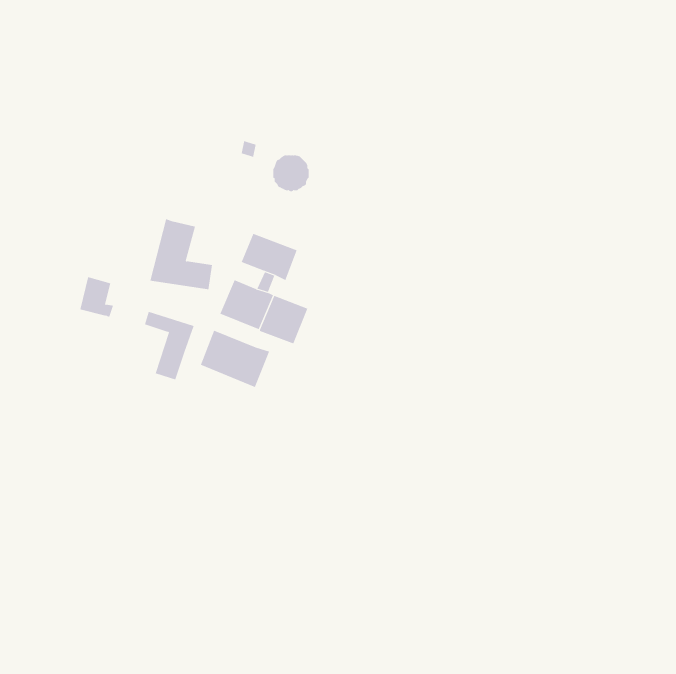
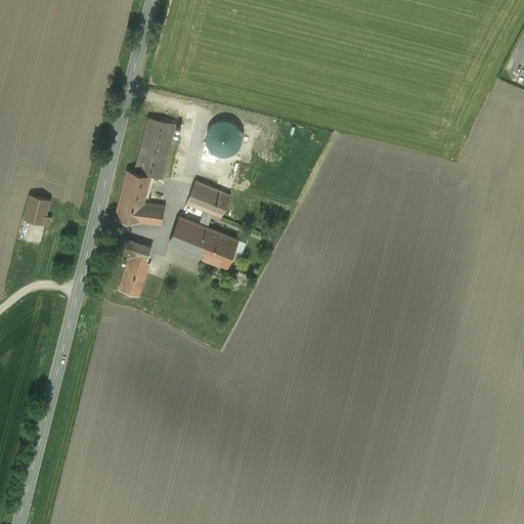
building: none -> [134,119,176,180]
building: [80,276,114,317] -> [25,195,51,227]
building: [200,330,270,388] -> none

